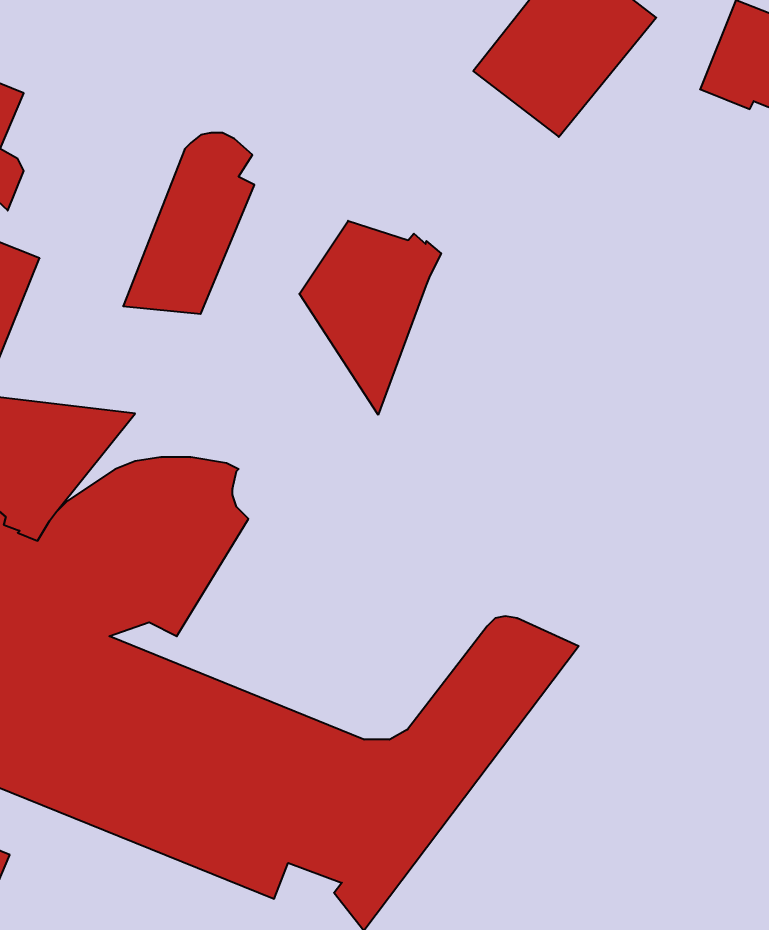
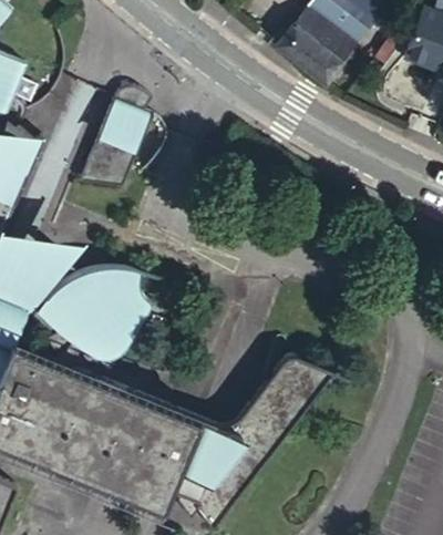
building: [299,221,441,415] -> none

